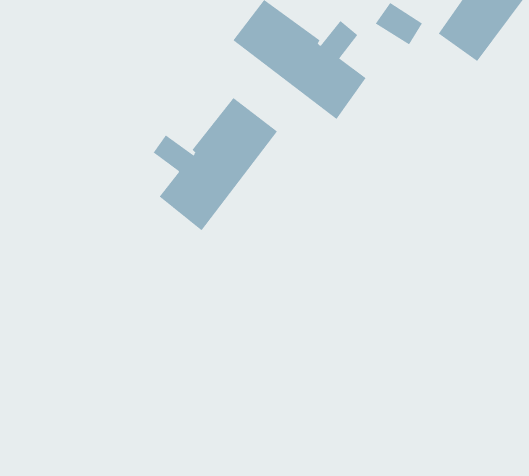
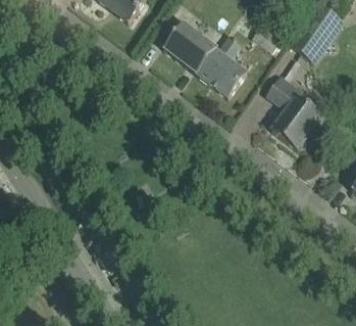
building: none -> [267,75,325,147]
building: [153,97,278,231] -> none

